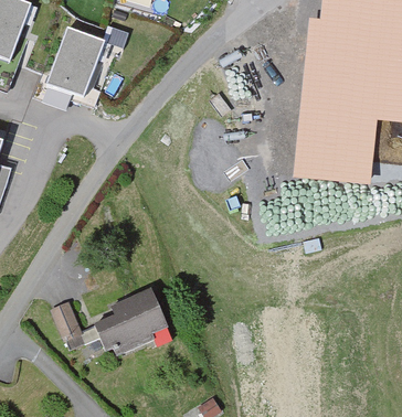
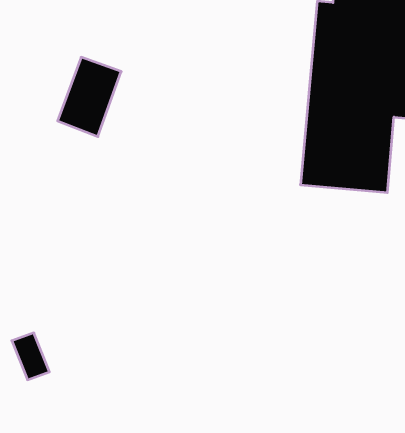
building: [49,28,103,95] -> [58,57,121,137]
building: [95,287,167,353] -> none

